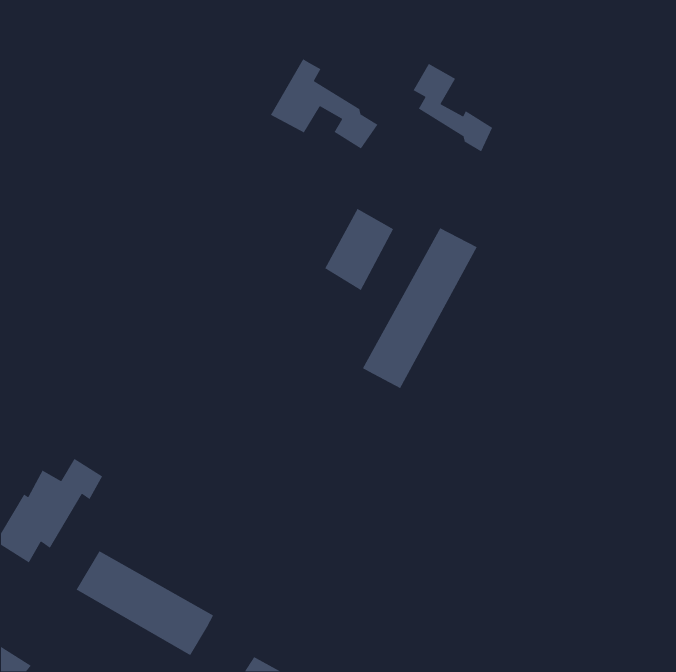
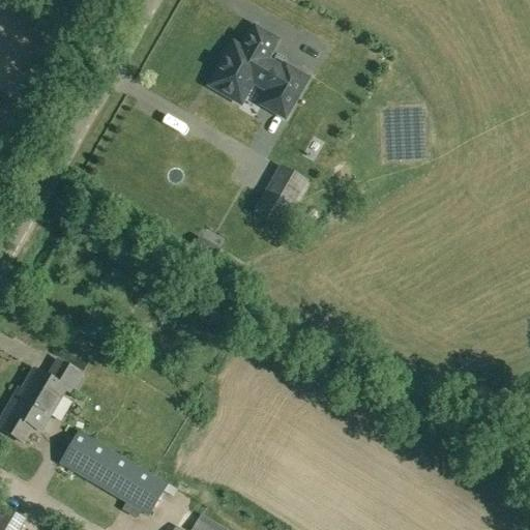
building: [413,63,493,153] -> [242,27,305,97]
building: [362,227,478,389] -> none

